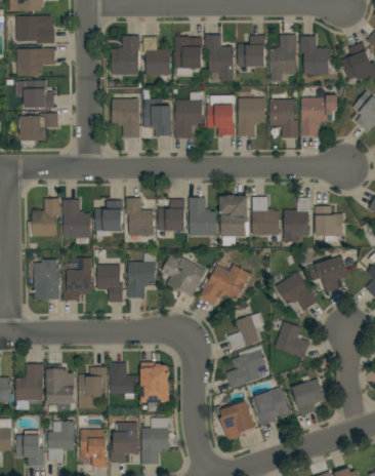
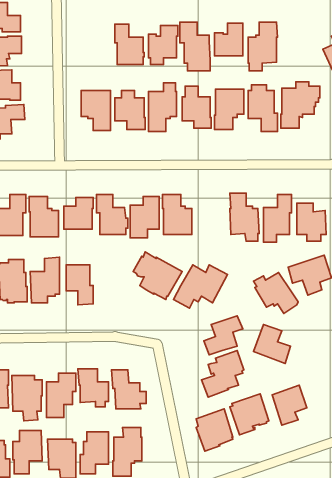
building: [112,35,139,74] -> none
building: [300,36,329,74] -> none
building: [220,194,248,245] -> none
building: [127,252,155,298] -> none

